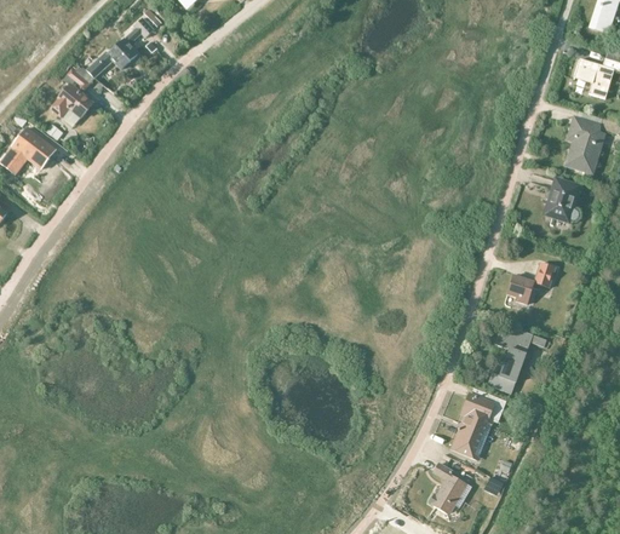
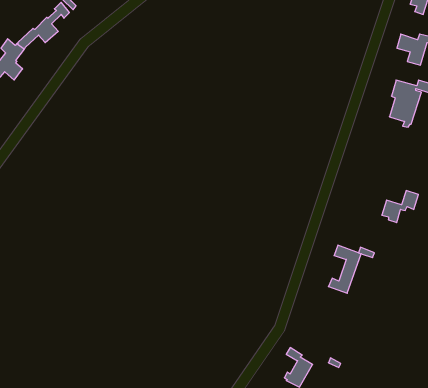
building: [545,179,579,220] -> none
building: [507,263,555,304] -> [382,191,418,223]
building: [450,387,506,460] -> none

